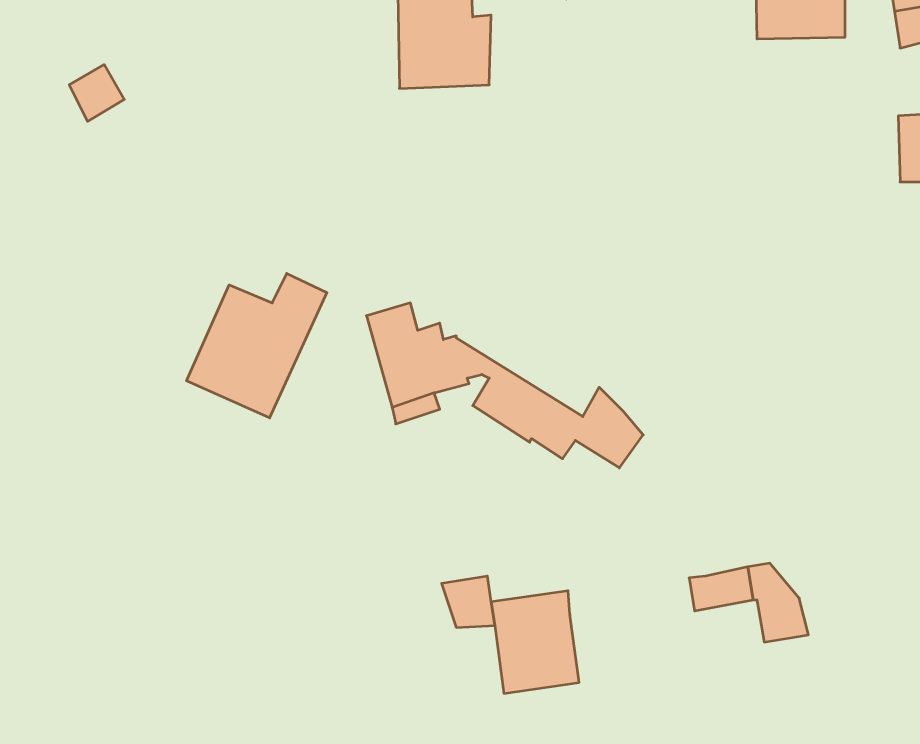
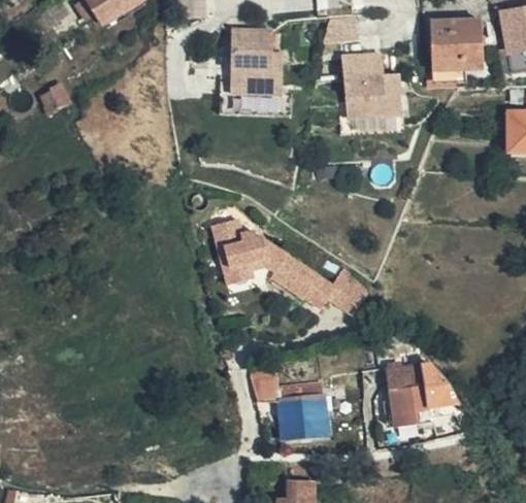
building: none -> [336,56,400,121]
building: [187,273,327,418] -> none
building: none -> [388,384,435,427]

